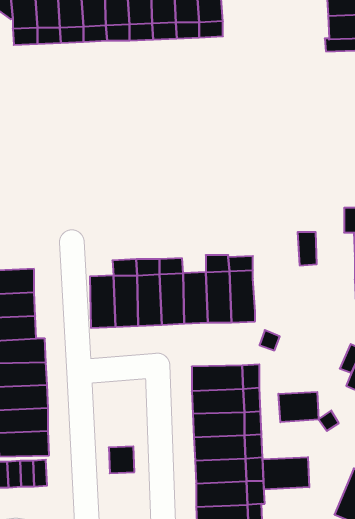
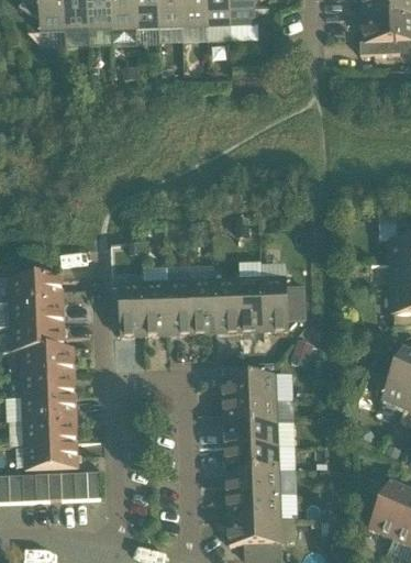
building: [298,232,317,265] -> [286,287,306,321]
building: [278,392,318,422] -> none
building: [109,446,134,473] -> [74,472,100,499]
building: [263,457,309,489] -> none

